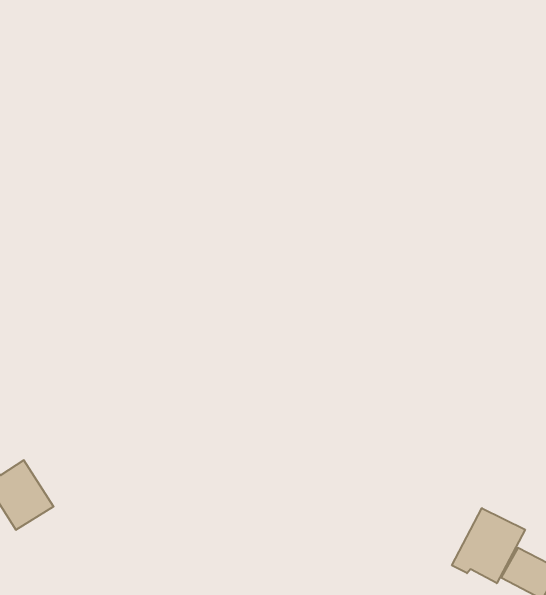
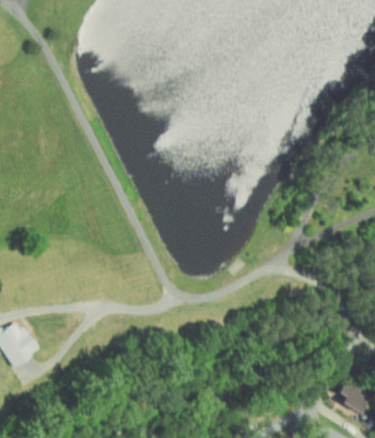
building: [452,508,525,583] -> none

